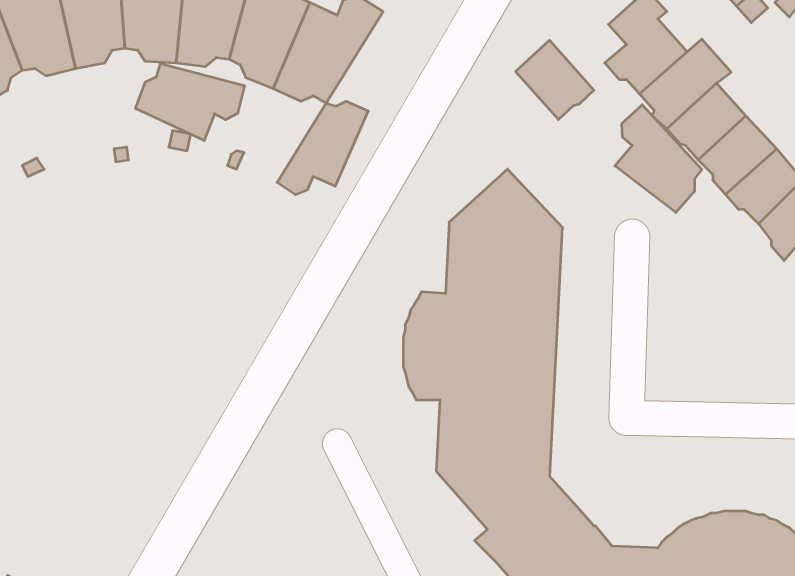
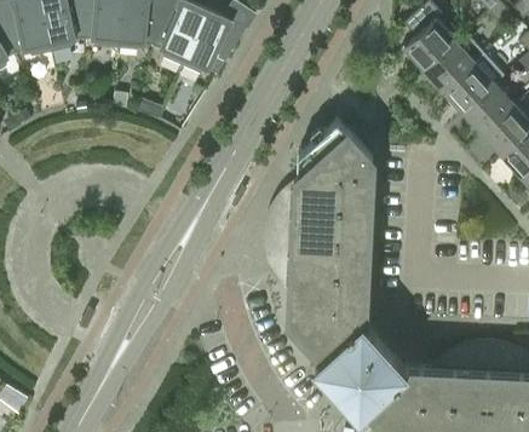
building: [516,40,594,120] -> none
building: [136,64,244,141] -> none
building: [277,101,368,195] -> none
building: [615,105,702,213] -> none

